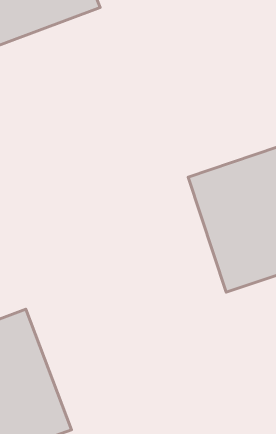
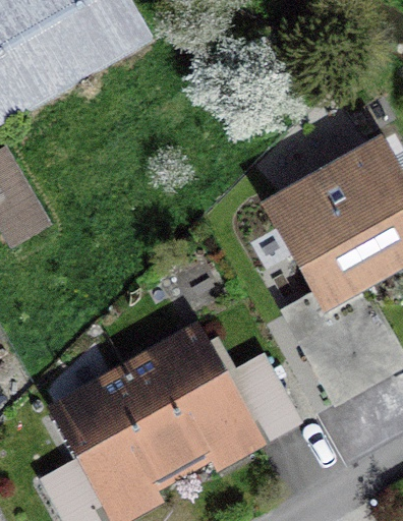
building: none -> [123,325,254,477]

